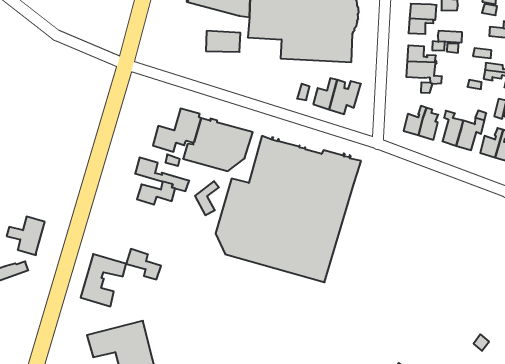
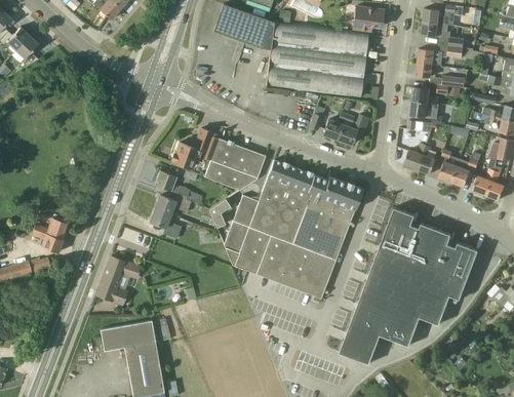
building: [206,31,240,52] -> [266,68,299,89]
building: none -> [340,207,479,363]
building: [126,249,161,279] -> [150,208,182,238]

